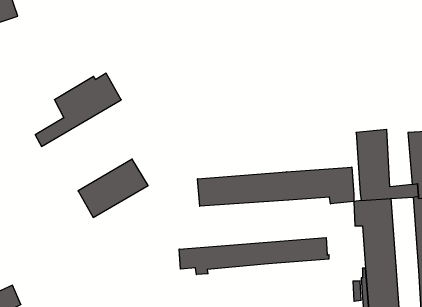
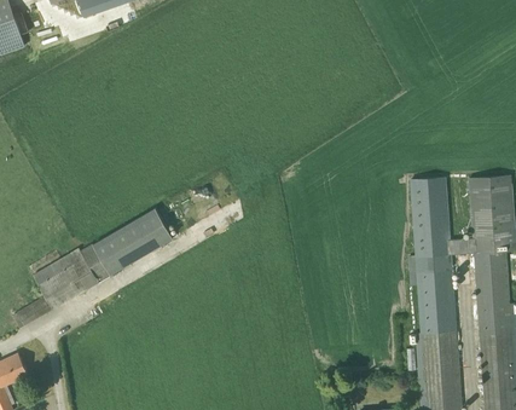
building: [35,73,121,146] -> [12,244,110,328]
building: [198,167,354,206] -> none
building: [179,238,329,275] -> none

